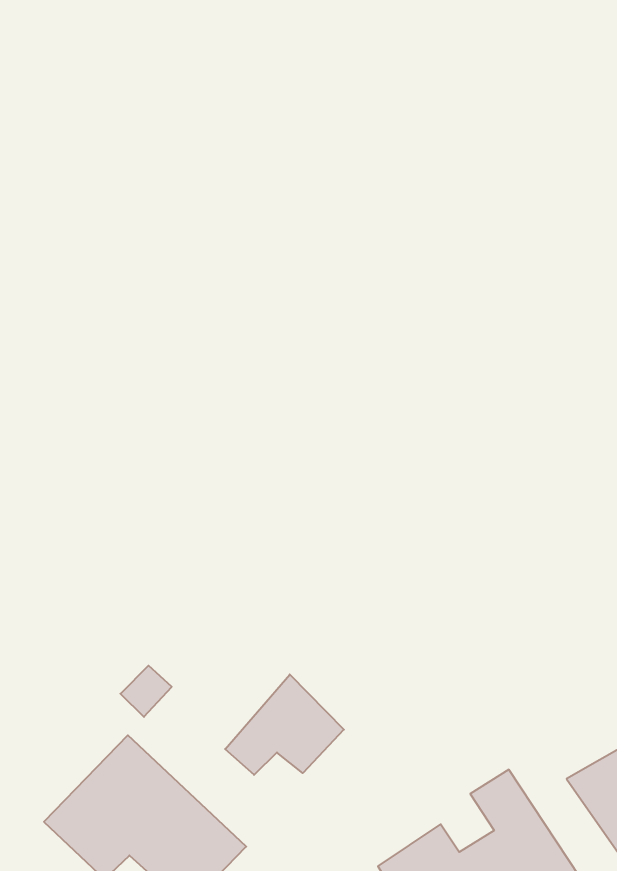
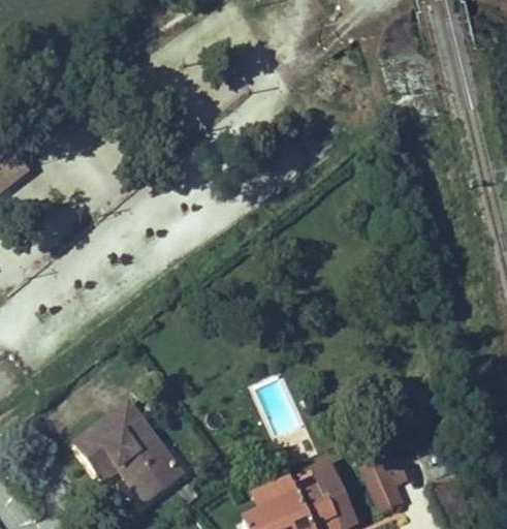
building: [225,674,344,775] -> none

